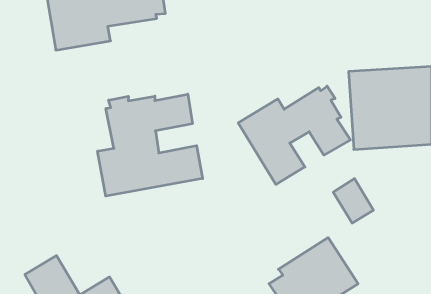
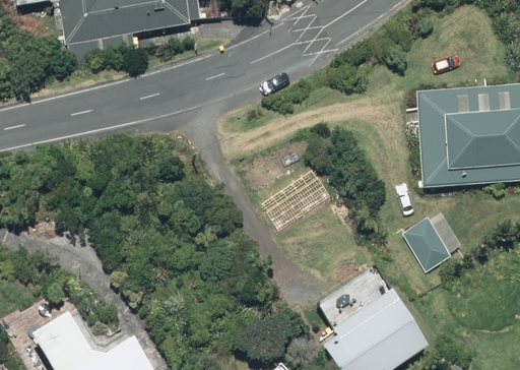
building: [238,86,350,184] -> none
building: [98,94,203,196] -> none

